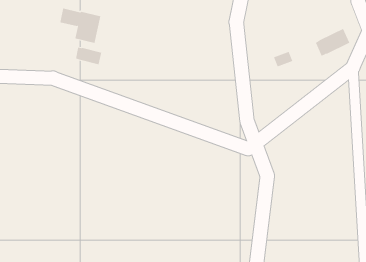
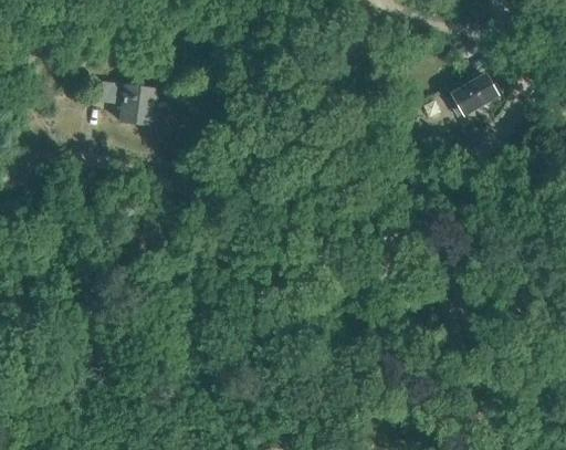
building: [75,47,102,65] -> none

